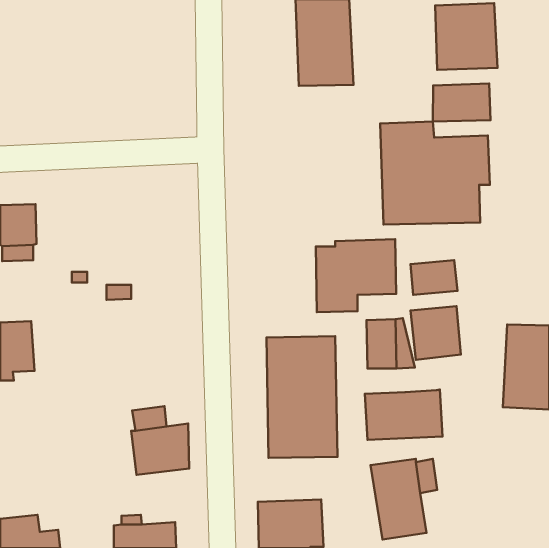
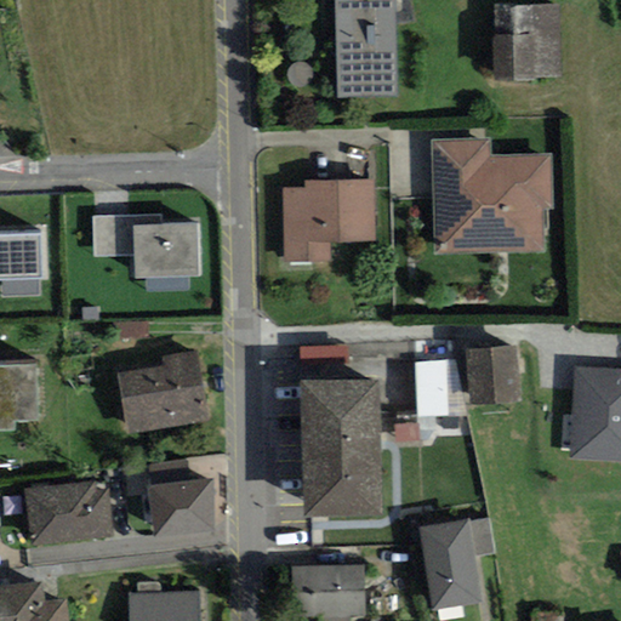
building: [433,84,490,121] -> none
building: none -> [92,215,200,279]
building: [316,239,396,312] -> [283,178,374,261]
building: [411,260,457,295] -> none
building: none -> [118,351,209,434]
building: [365,390,443,440] -> none
building: none -> [25,482,113,546]

